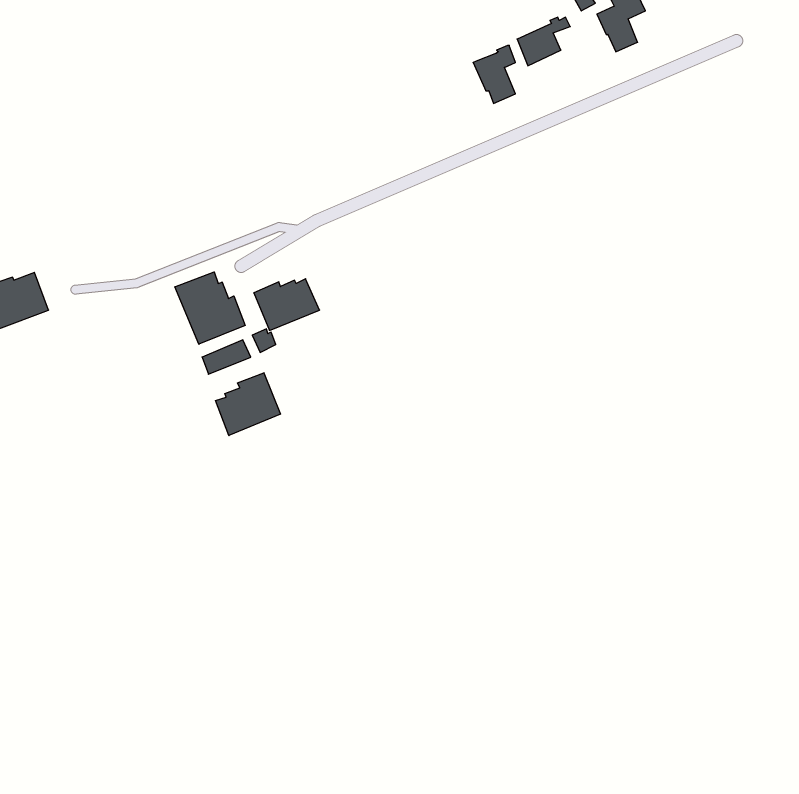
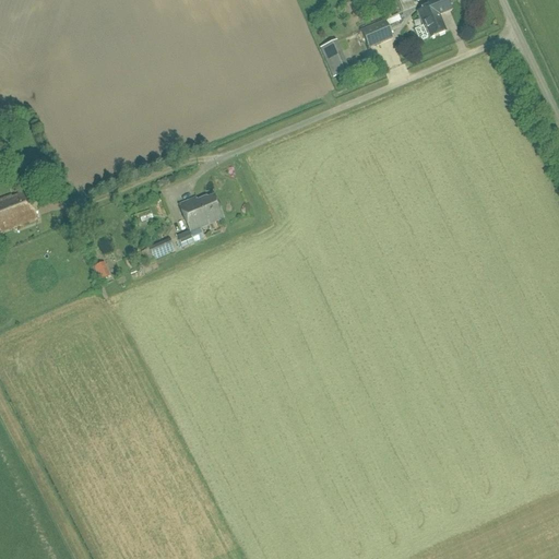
building: [175,272,245,344] -> none
building: [216,373,281,436] -> none

